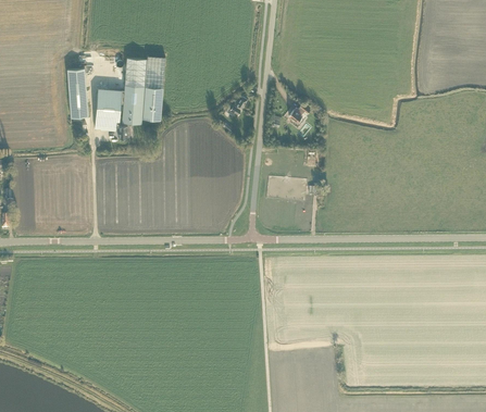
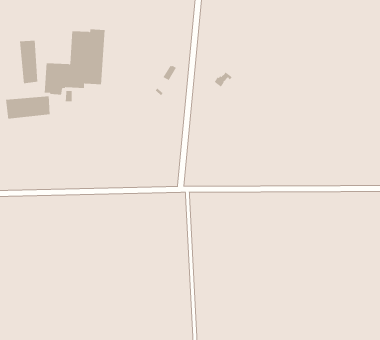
building: none -> [5,95,50,120]

